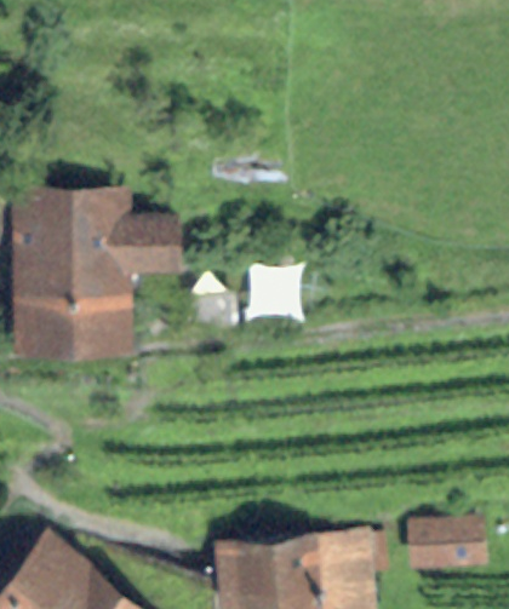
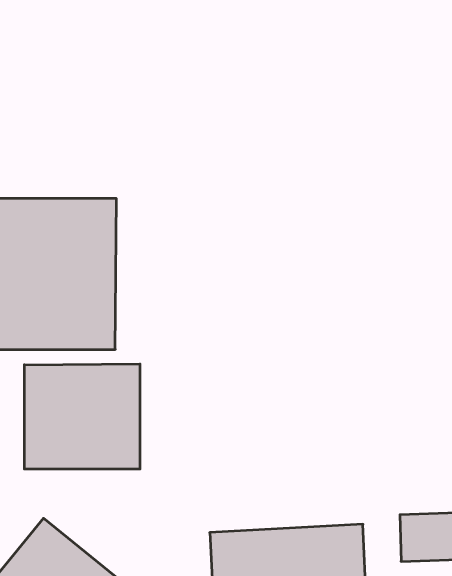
building: none -> [24,364,140,469]

